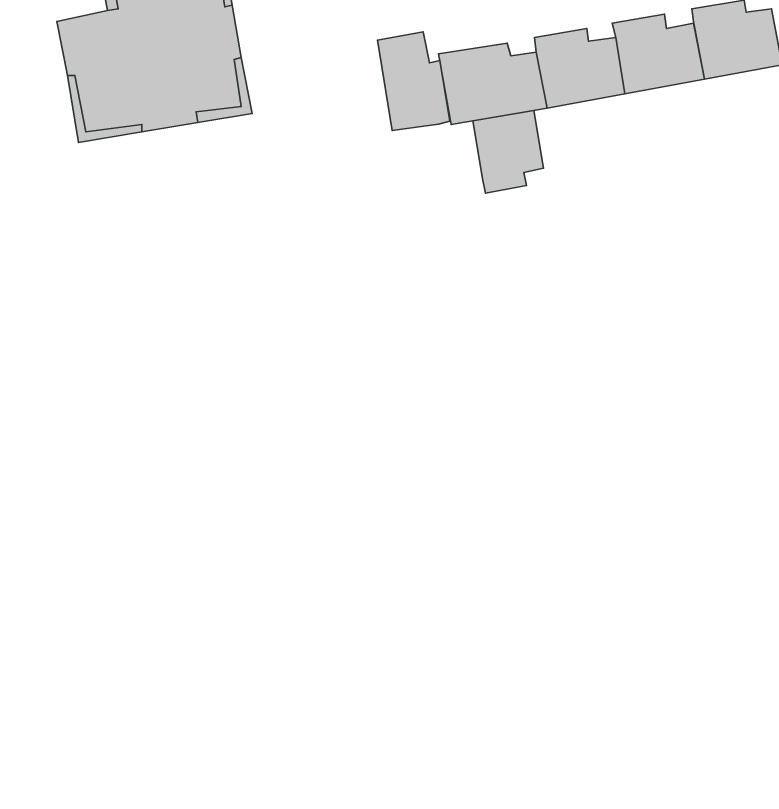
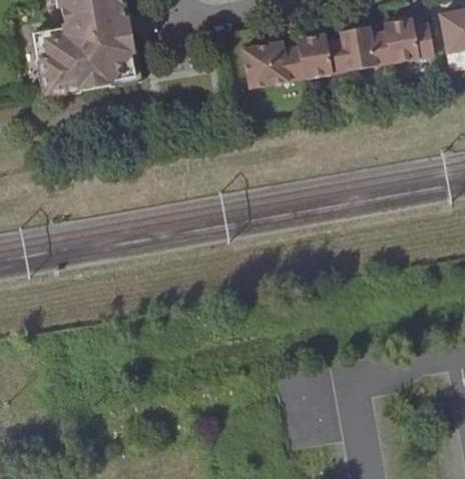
building: [378,32,450,131] -> none
building: [473,110,543,193] -> none

